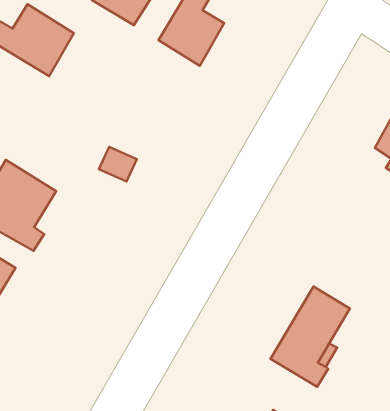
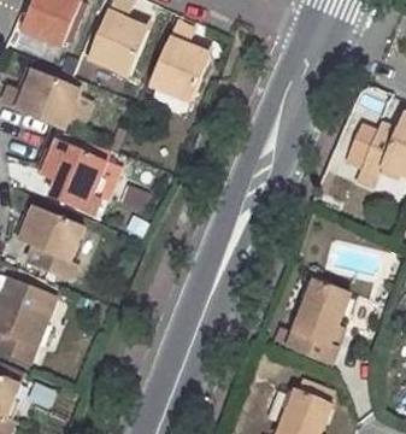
building: none -> [43,141,106,215]

